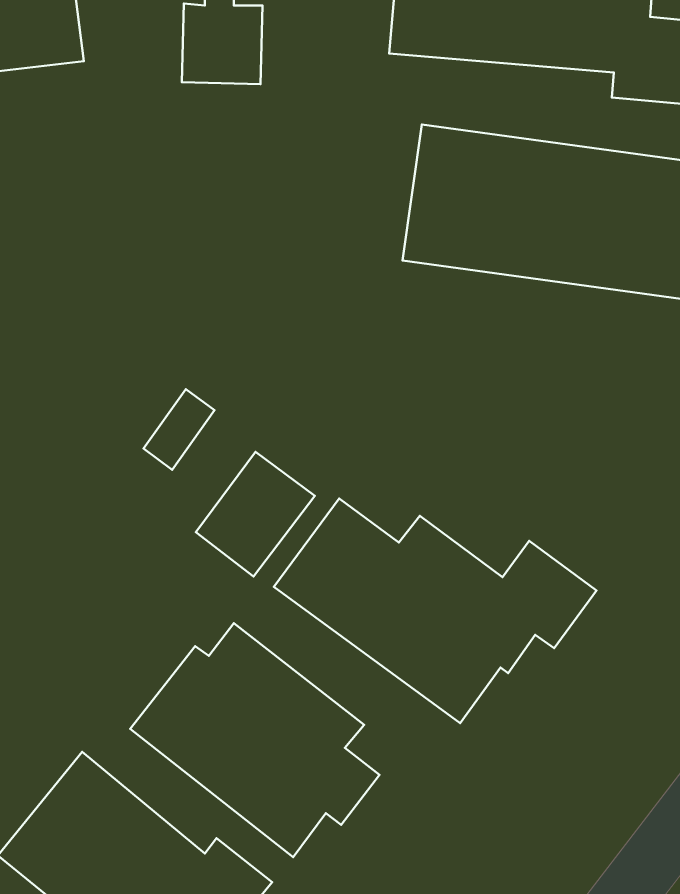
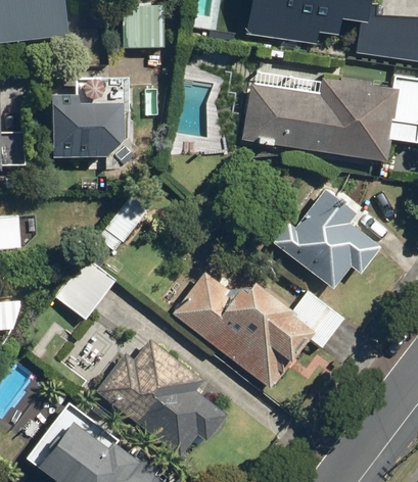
building: none -> [52,93,143,154]
building: none -> [273,187,380,289]
building: [196,452,315,576] -> [54,255,118,322]

